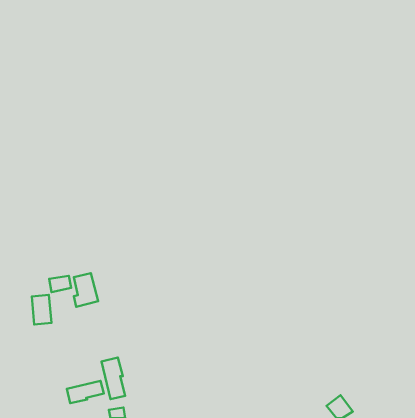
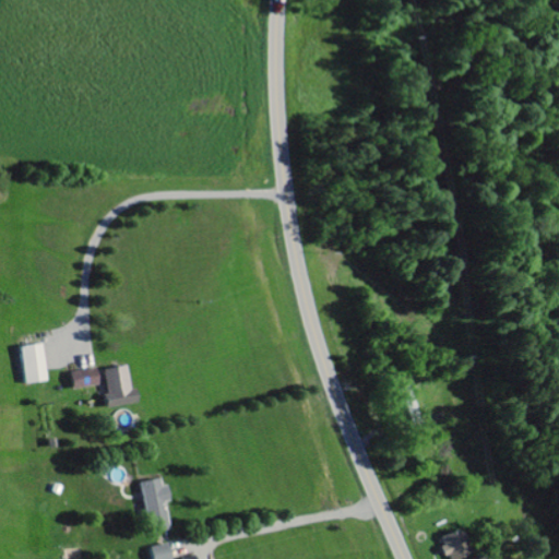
building: [32,295,51,324] -> [21,344,47,383]
building: [67,381,104,403] -> none

